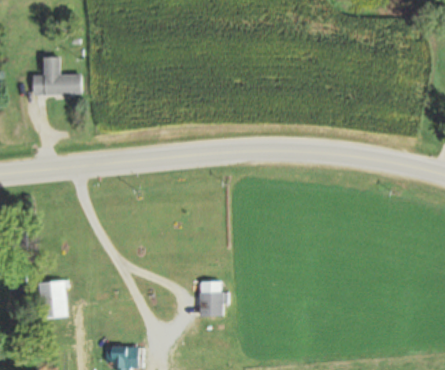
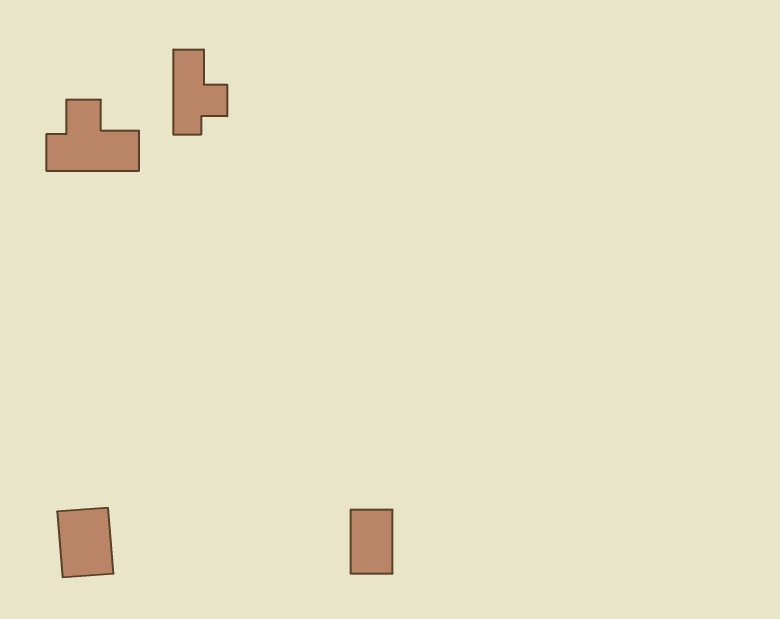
building: none -> [173,49,227,135]

